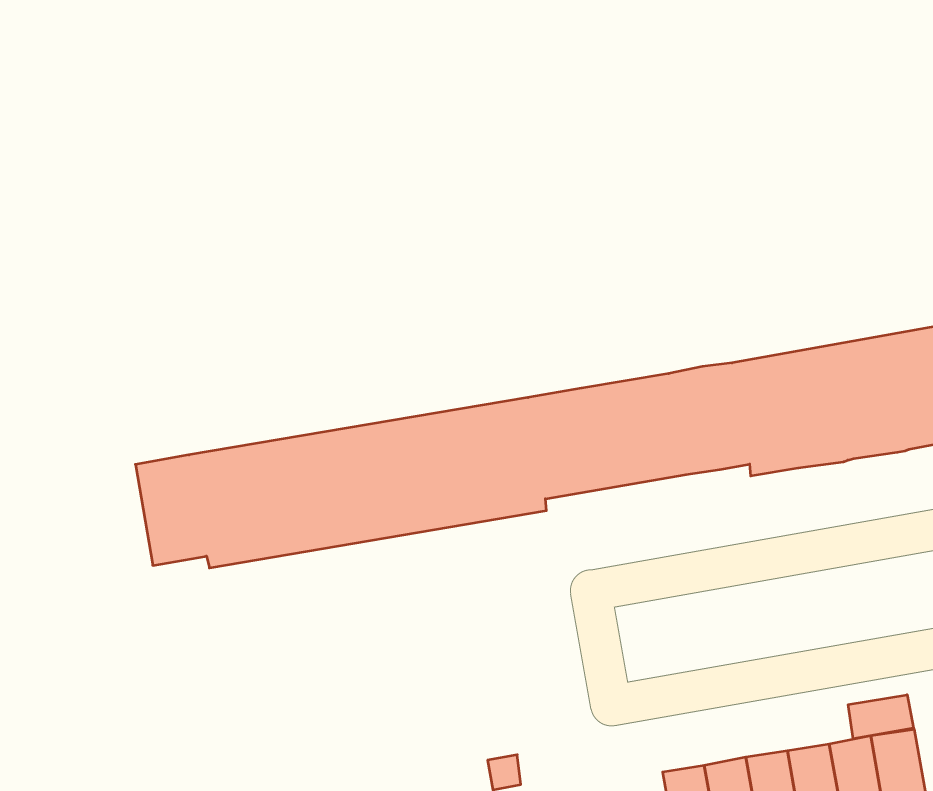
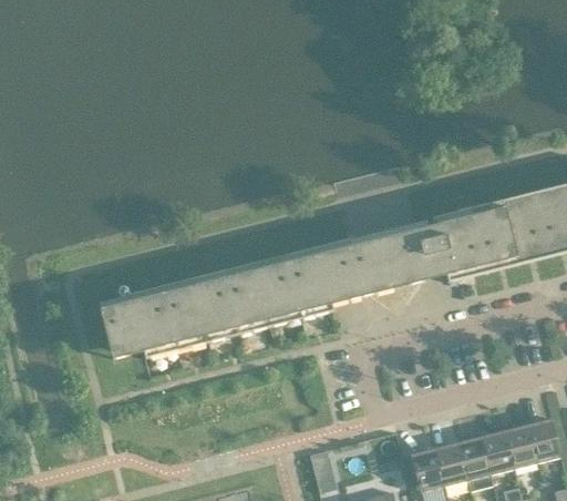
building: [848,695,914,739] -> none

